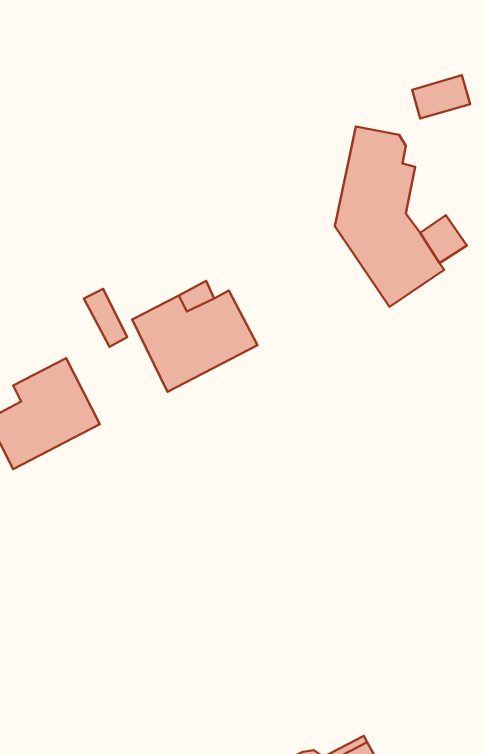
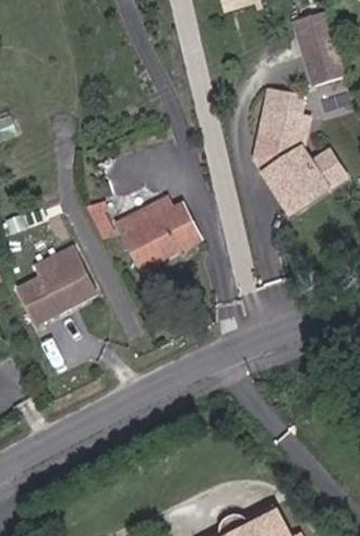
building: none -> [292,11,339,65]

